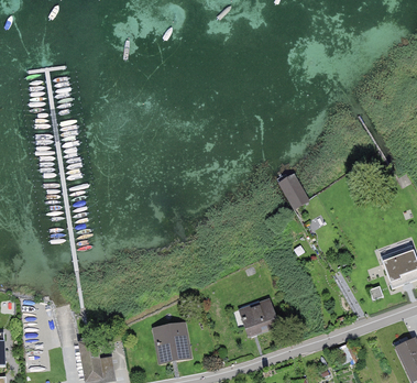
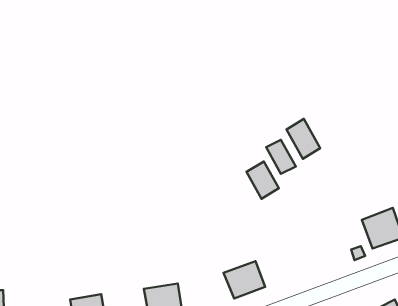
building: none -> [286,119,320,159]
building: none -> [247,161,279,199]

